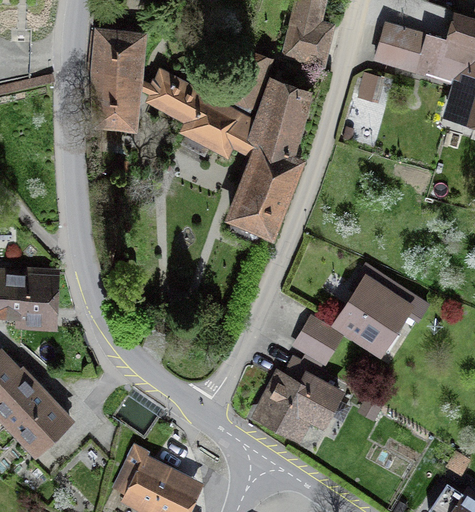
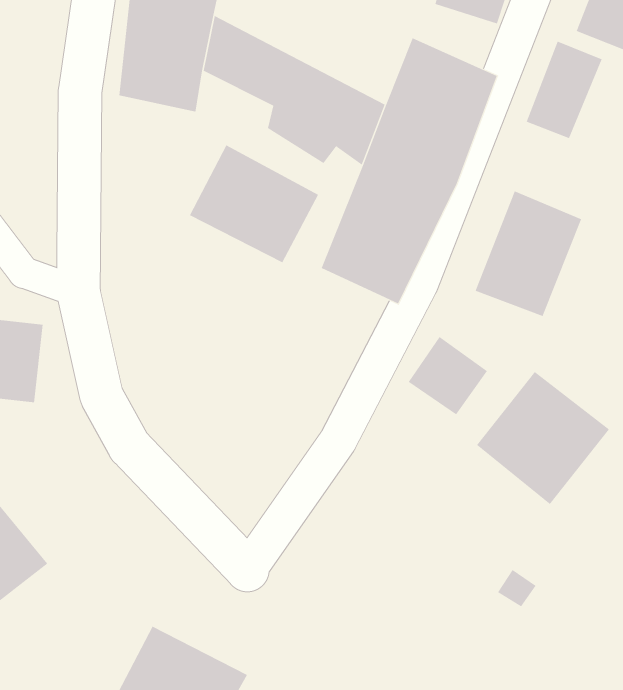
building: none -> [189,145,319,263]
building: none -> [475,191,582,317]
building: [292,316,341,364] -> [408,336,488,415]
building: [250,369,344,451] -> none

